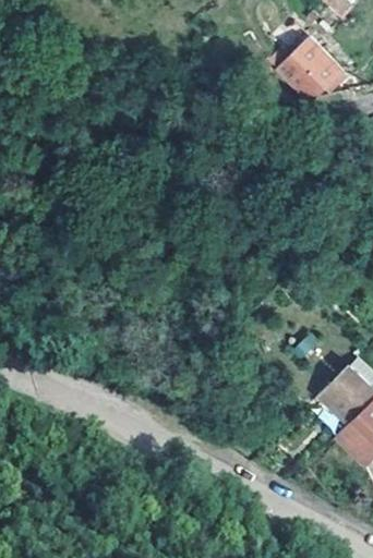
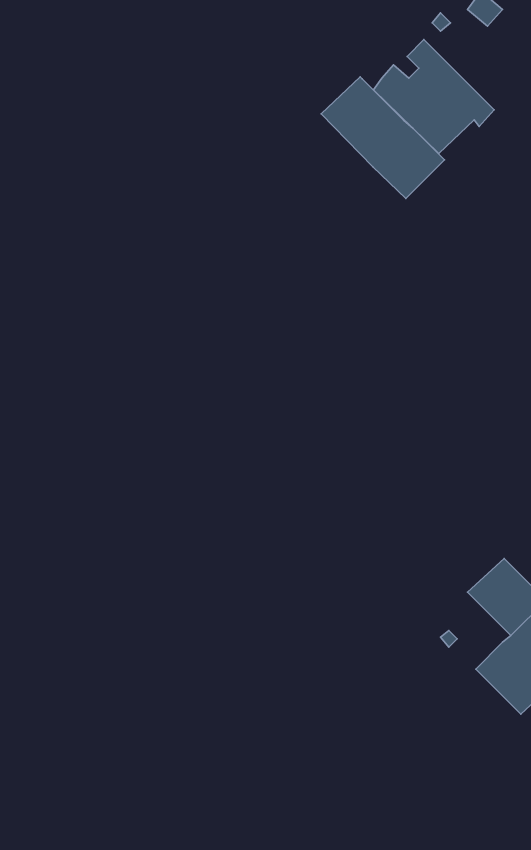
building: none -> [321,77,445,198]

